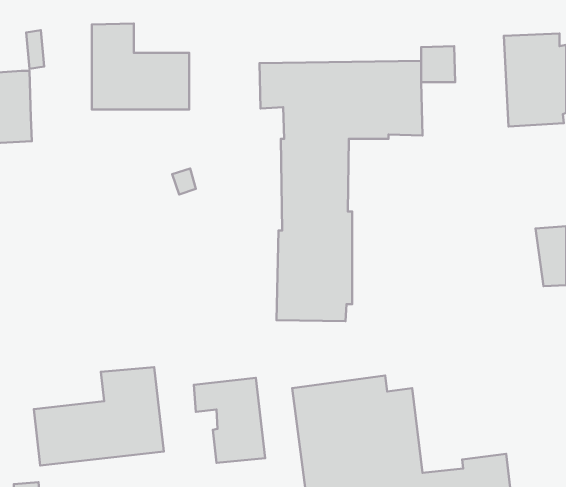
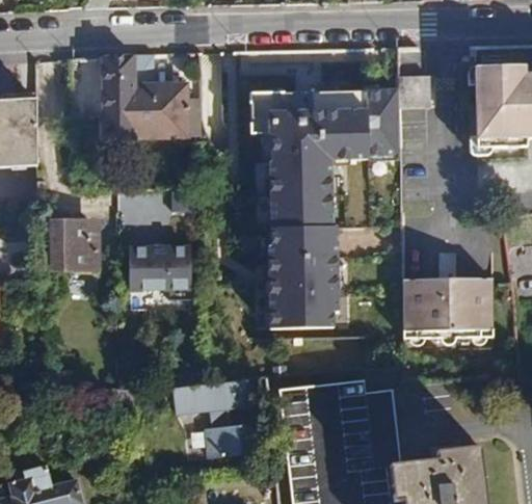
building: none -> [55,218,103,266]
building: none -> [129,229,191,275]
building: none -> [400,253,495,340]
building: [34,367,164,465] -> none

